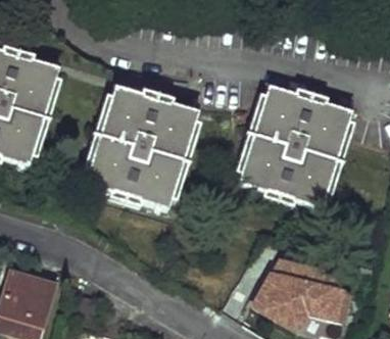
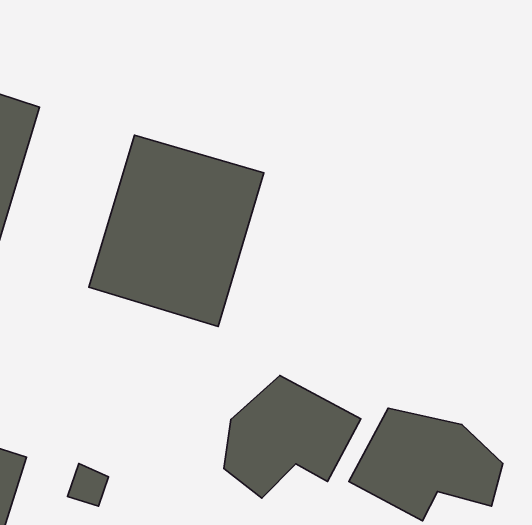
building: [241,88,352,207] -> none
building: none -> [224,375,361,498]

